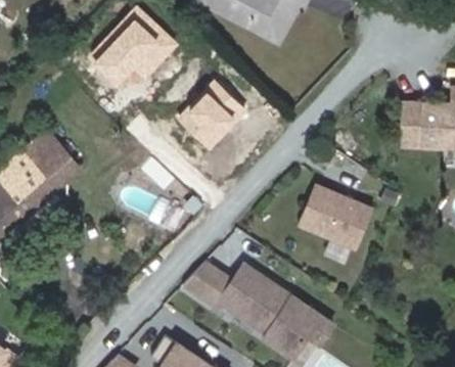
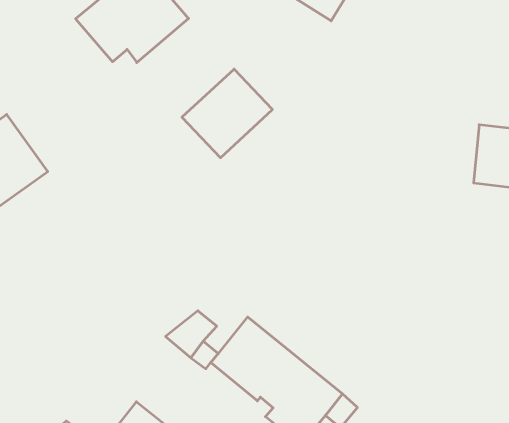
building: [297,187,371,251] -> none

